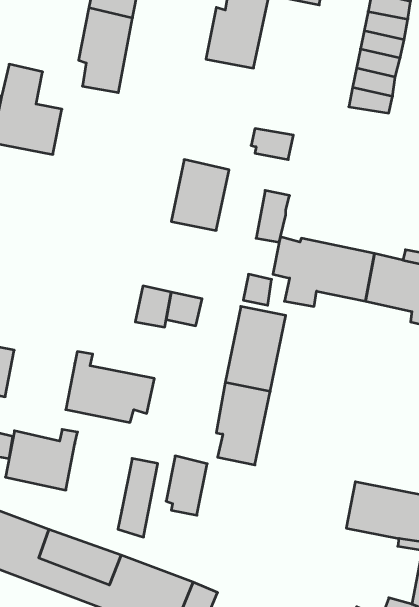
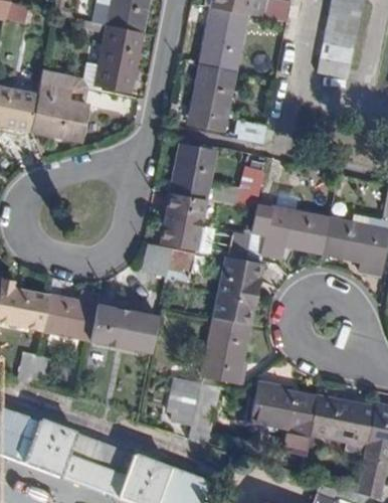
building: none -> [190,66,235,131]
building: none -> [161,193,206,248]
building: [5,429,78,490] -> [41,293,98,340]
building: [118,458,158,537] -> [188,382,219,444]
building: none -> [250,385,315,458]

